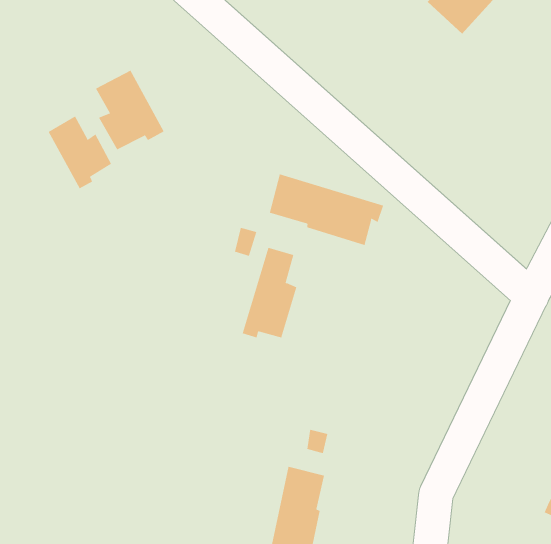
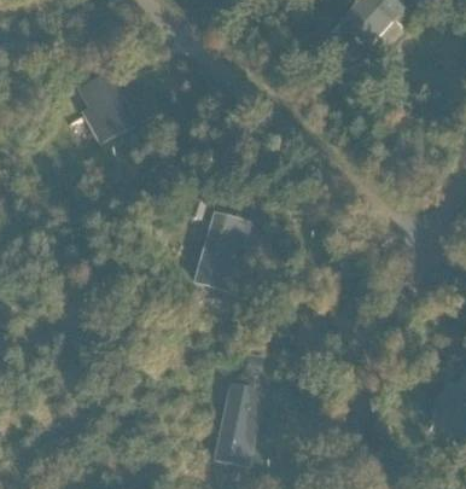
building: [48,116,112,189] -> none
building: [269,174,384,246] -> none

